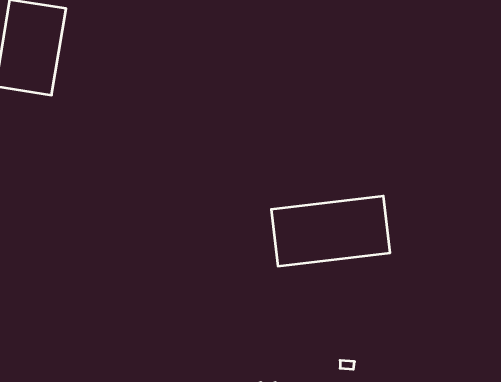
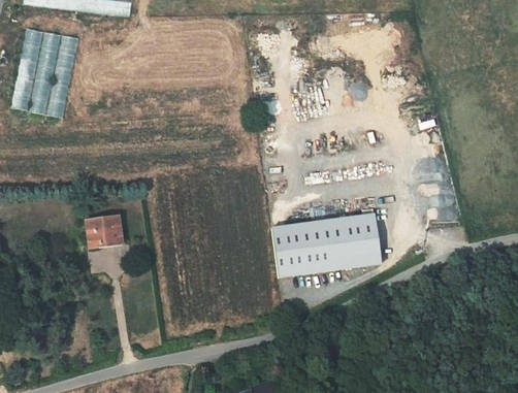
building: none -> [89,218,122,245]

